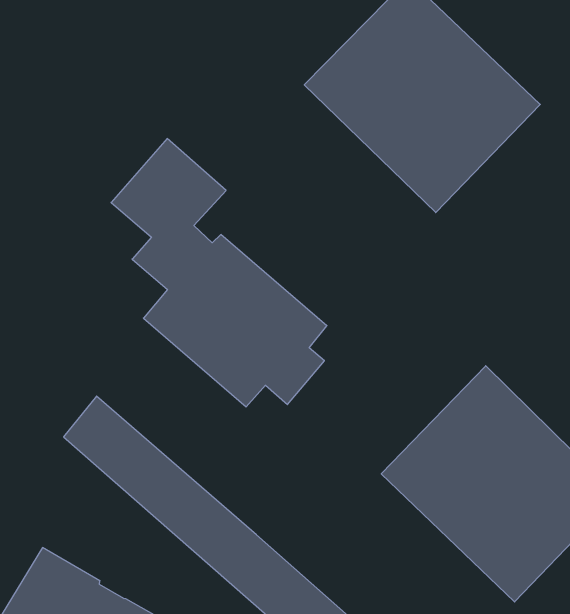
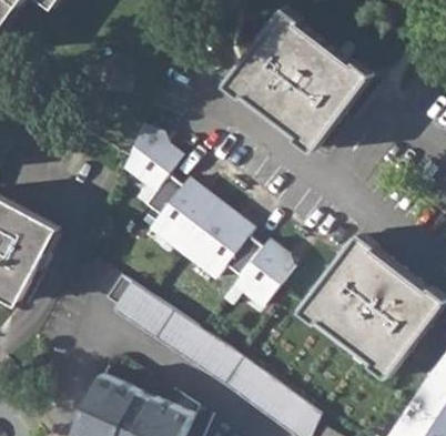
building: none -> [225,236,301,315]

